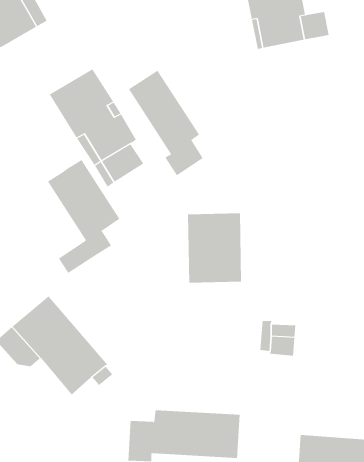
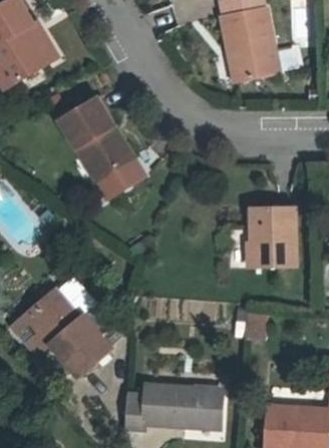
building: [128,70,204,176] -> none
building: [47,159,120,274] -> none
building: [187,213,242,283] -> [250,206,296,266]

